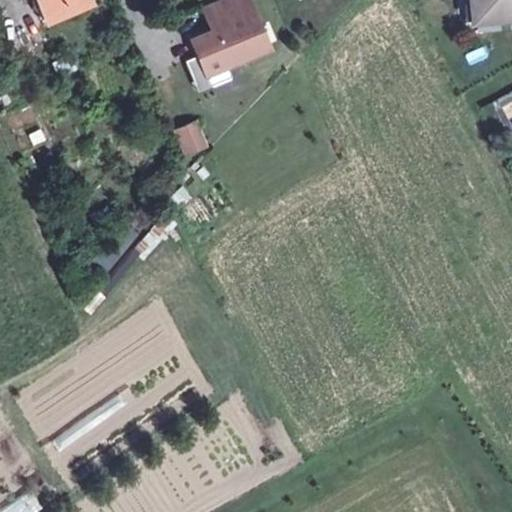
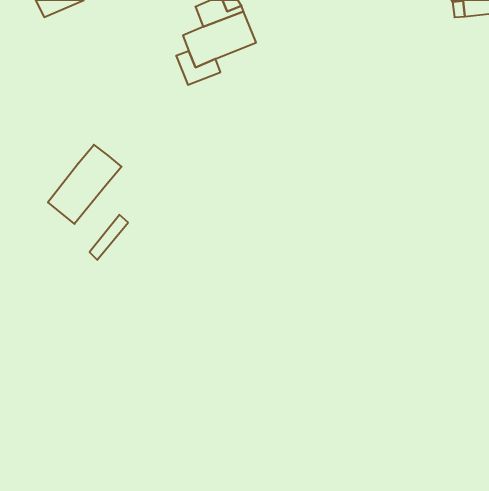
building: [172,118,208,156] -> none
building: none -> [48,145,122,224]

